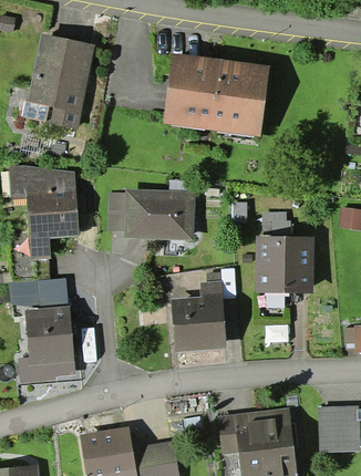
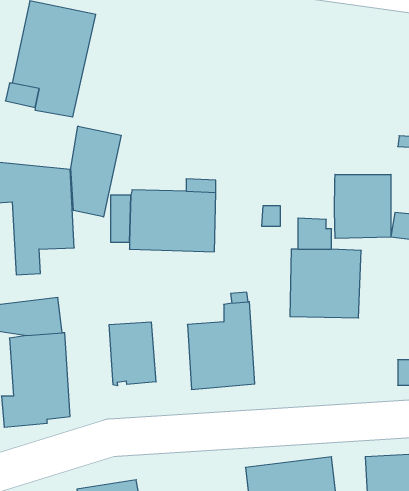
building: [162,52,269,136] -> none
building: none -> [71,126,121,217]
building: none -> [334,174,391,238]
building: none -> [109,322,156,386]

